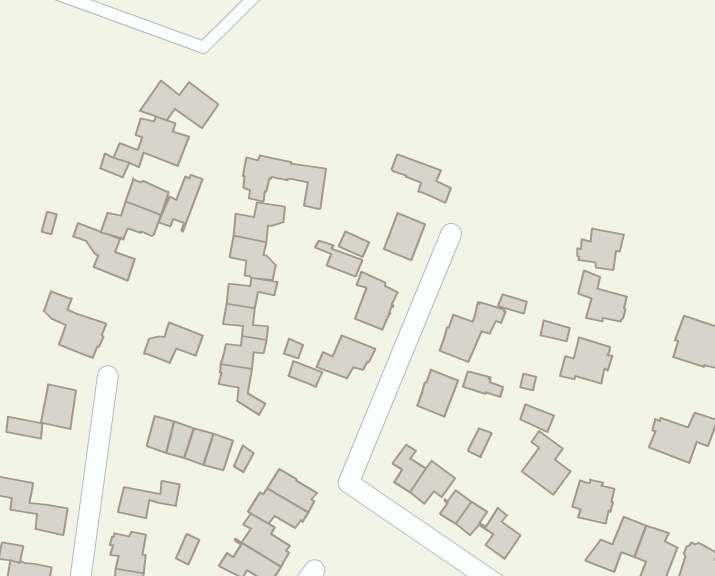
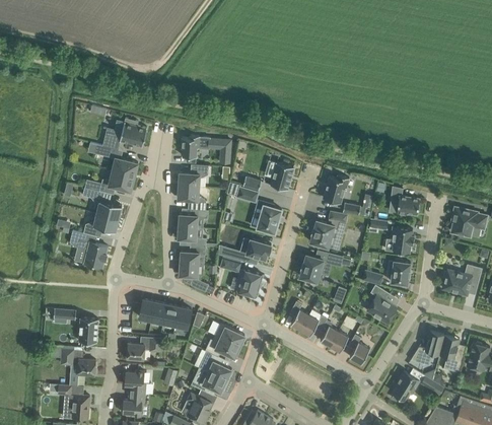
building: [140,81,218,128] -> none
building: [392,154,451,203] -> none
building: [158,175,202,232] -> none
building: [578,228,624,270] -> none
building: none -> [323,175,348,204]
building: [144,322,203,363] -> [83,213,118,237]
building: [41,384,76,429] -> [78,317,97,343]
building: none -> [229,270,262,296]
building: [572,480,614,523] -> [385,259,410,284]

